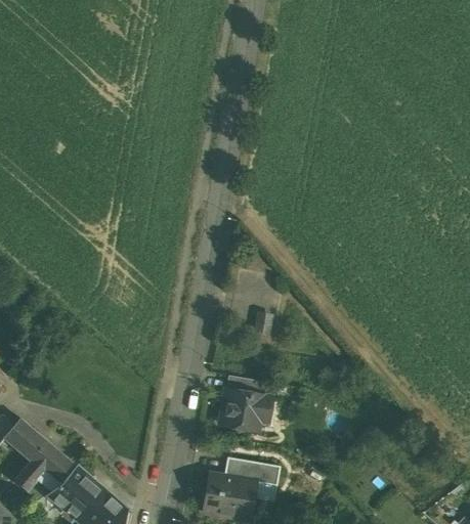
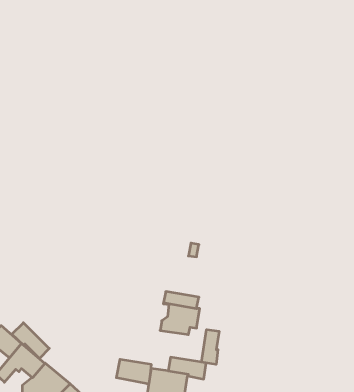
building: none -> [12,323,49,359]
building: none -> [201,330,219,364]
building: none -> [116,359,151,384]

